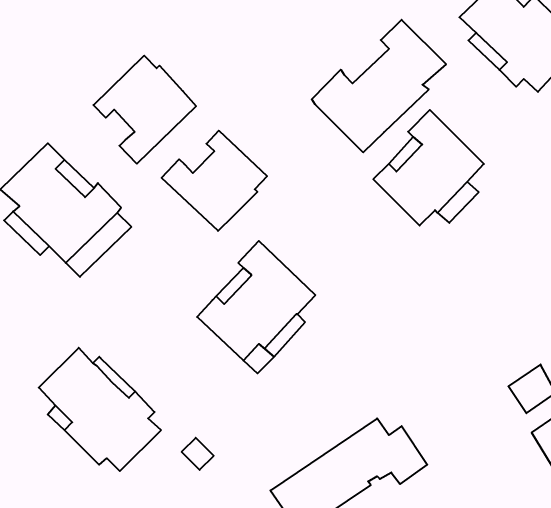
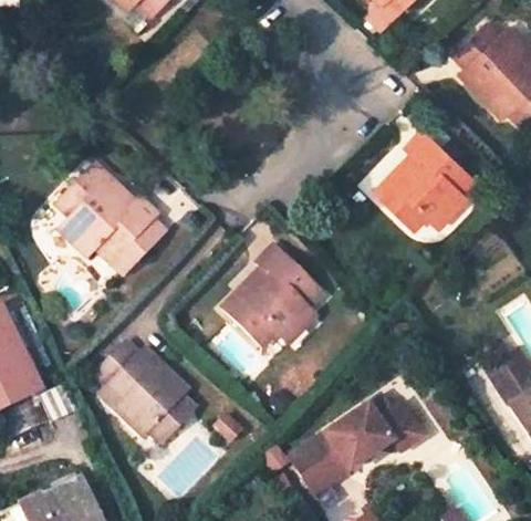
building: [312,20,446,152] -> none
building: [93,56,196,164] -> none
building: [162,131,267,231] -> none

